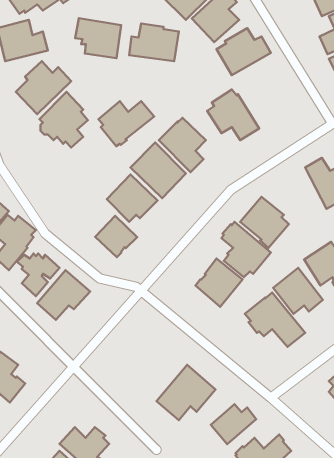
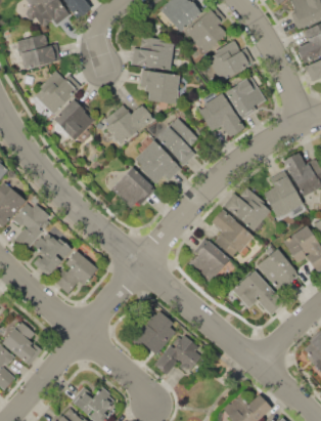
building: [75,18,121,58] -> [139,69,179,103]
building: none -> [225,76,265,118]
building: none -> [263,176,302,217]
building: [95,216,137,257] -> none
building: none -> [134,310,175,353]
building: [211,404,256,444] -> none

